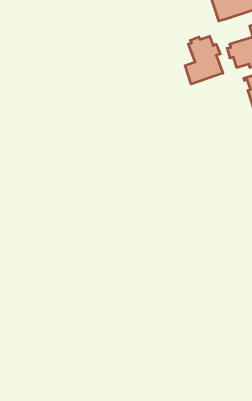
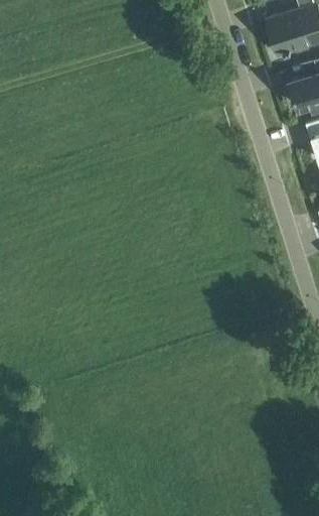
building: [185,36,223,84] -> none

